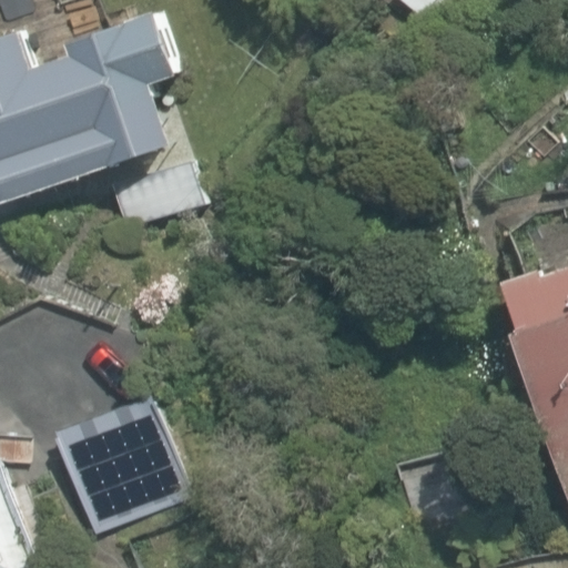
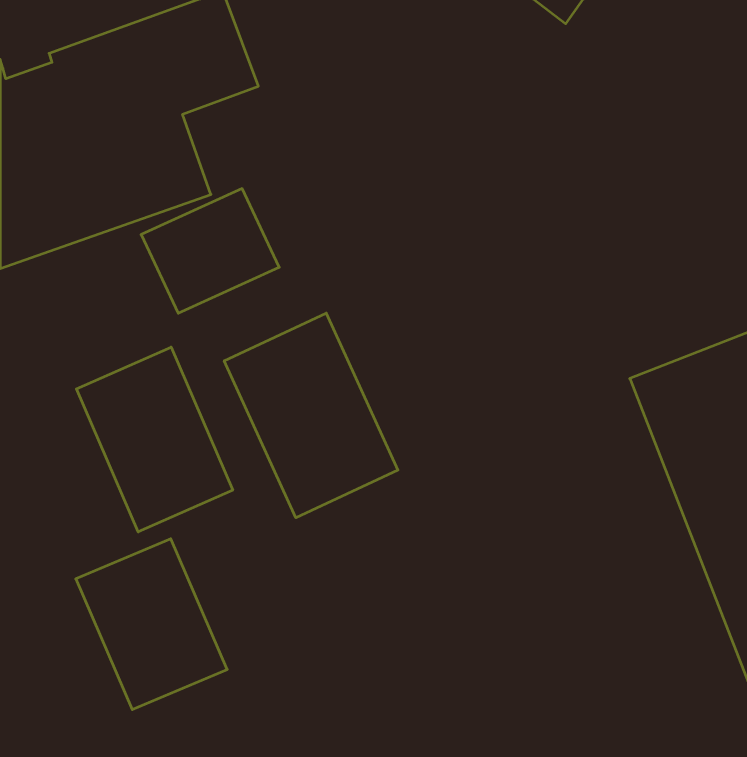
building: none -> [224,313,398,518]
building: none -> [76,347,233,532]

